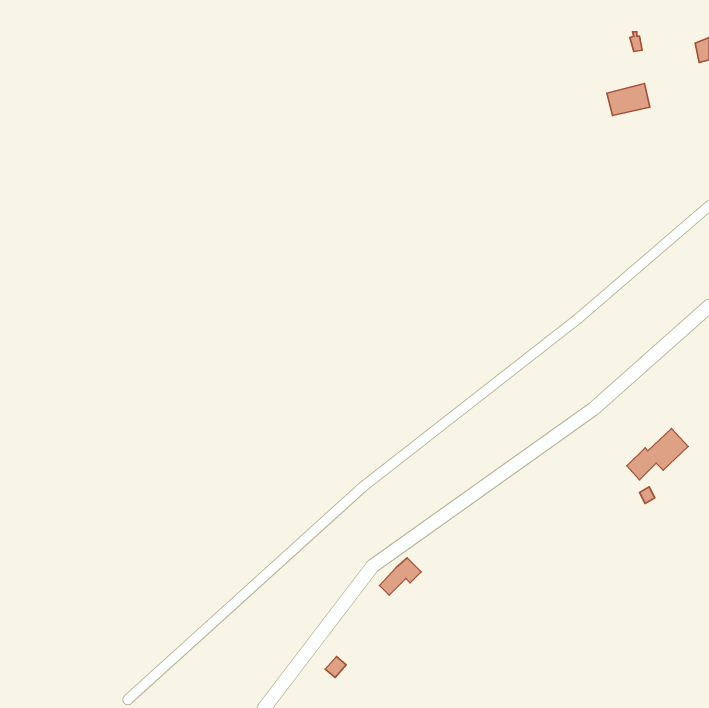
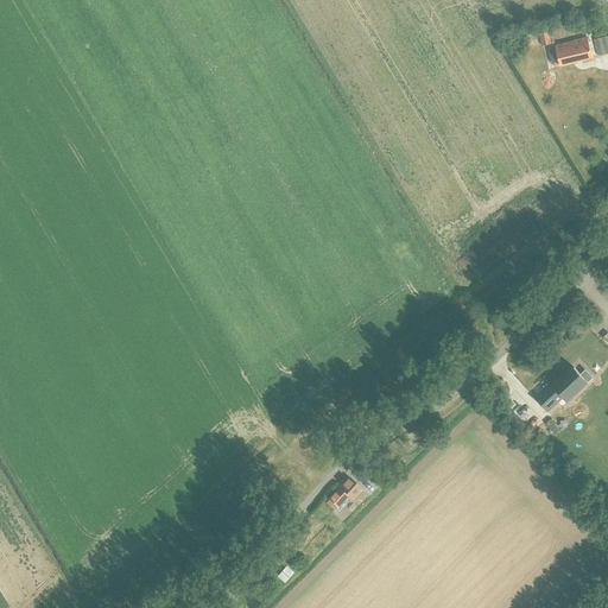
building: [607,84,650,116] -> [553,36,590,63]

